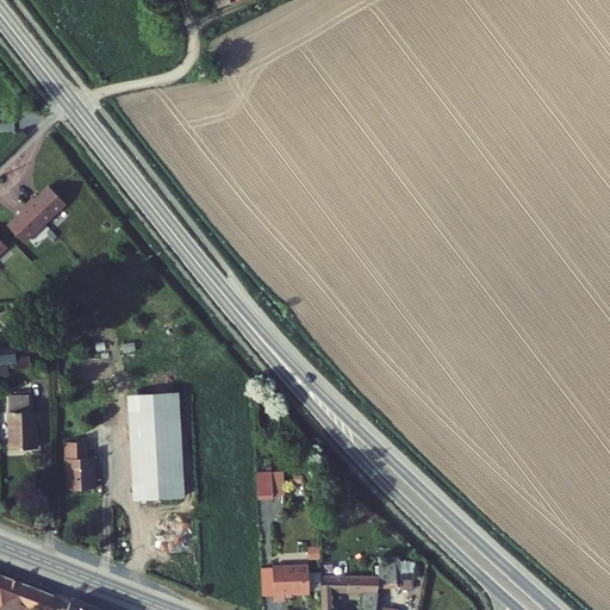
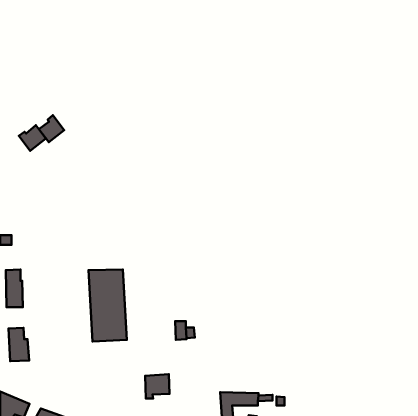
building: [7,201,44,241] -> [39,115,64,142]
building: [66,443,95,492] -> [9,328,29,361]
building: [274,565,310,600] -> [145,374,170,399]

